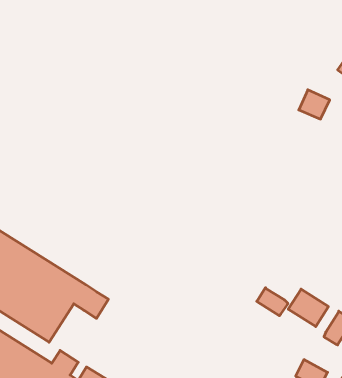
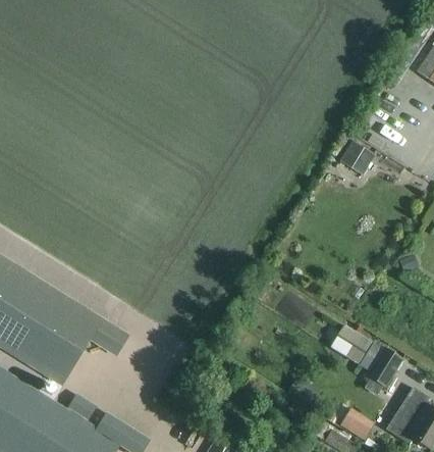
building: [299,90,330,119] -> [337,138,372,170]
building: [257,288,288,316] -> none

